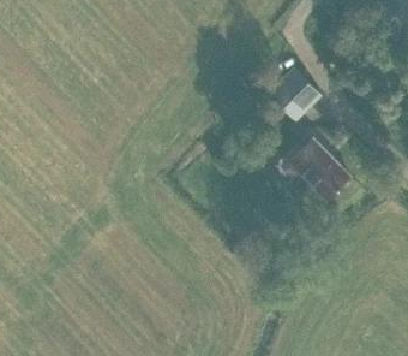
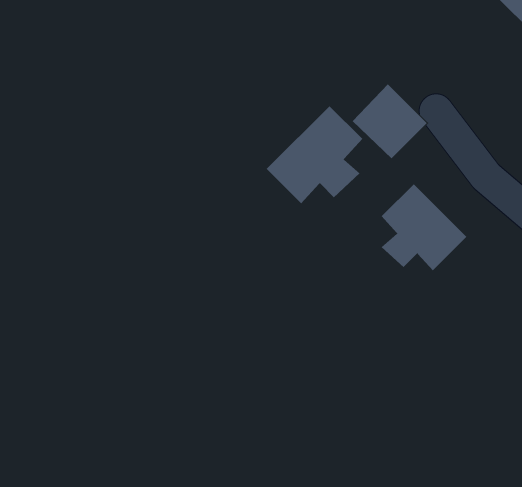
building: none -> [266,105,363,204]

